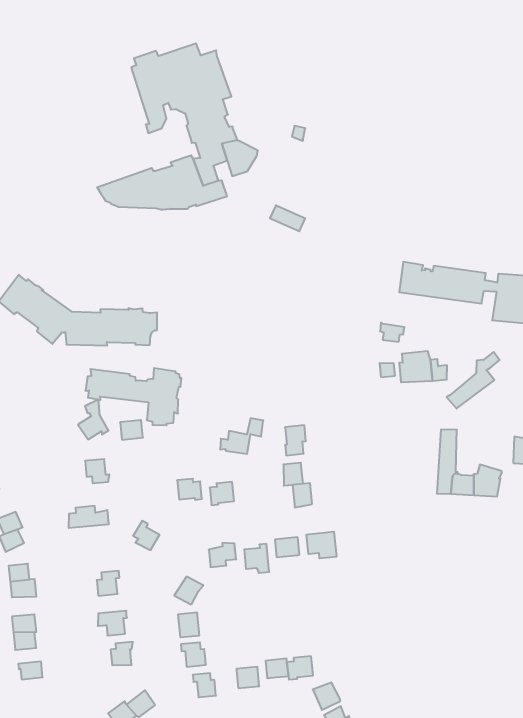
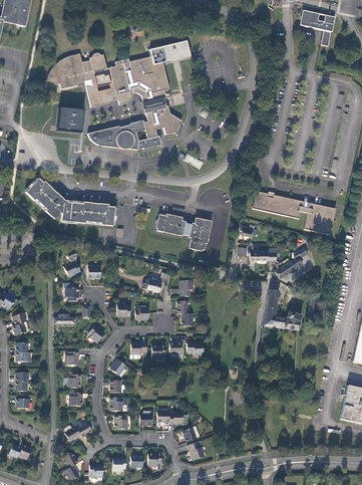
building: none -> [149,40,190,63]
building: none -> [45,52,120,107]
building: none -> [57,107,83,133]
building: [85,368,181,425] -> [155,214,211,250]

